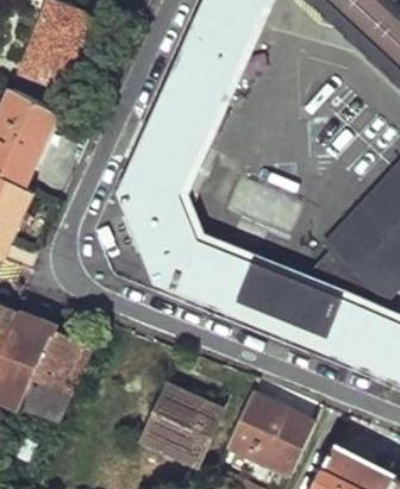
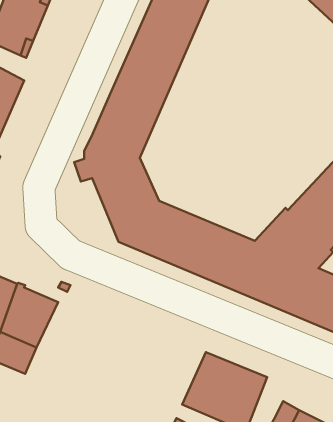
building: [144,387,221,465] -> none

